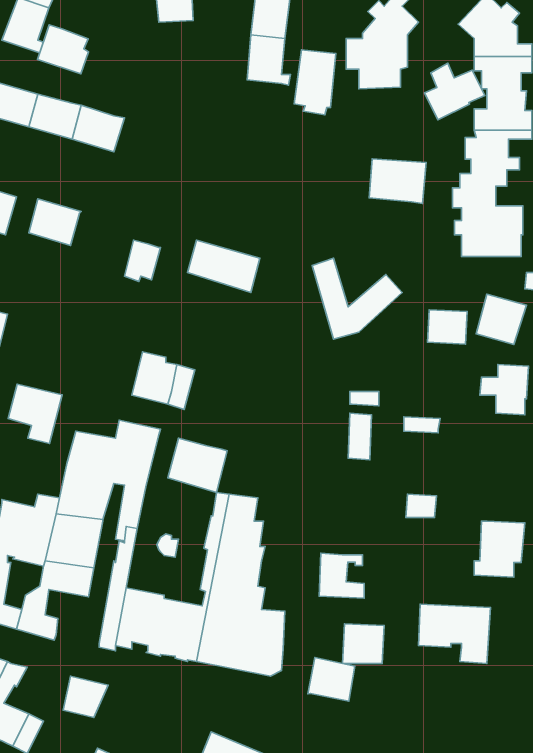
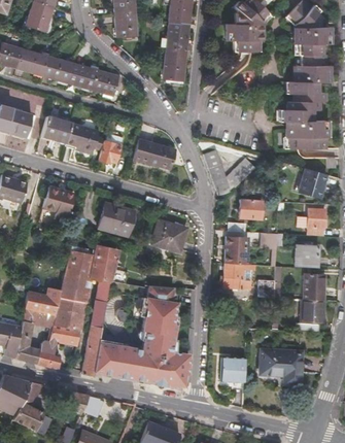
building: none -> [115,14,136,37]
building: [38,25,89,74] -> none
building: [294,50,336,115] -> [162,48,185,86]
building: [424,63,485,120] -> none
building: none -> [90,70,116,96]
building: [369,159,426,203] -> none
building: none -> [65,125,97,155]
building: [428,310,467,344] -> [234,200,256,219]
building: [8,384,62,444] -> [40,185,71,219]
building: none -> [295,248,317,269]
building: [168,438,227,492] -> [149,222,183,252]
building: none -> [303,275,324,302]
building: [319,553,364,598] -> [222,265,248,291]
building: [308,658,355,701] -> none

